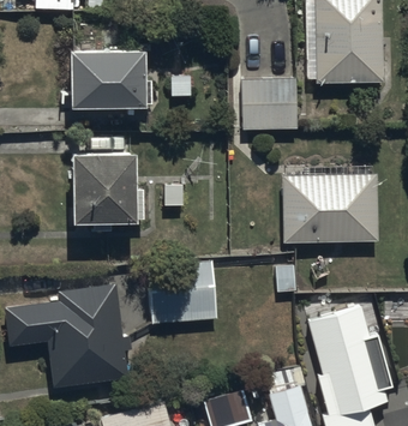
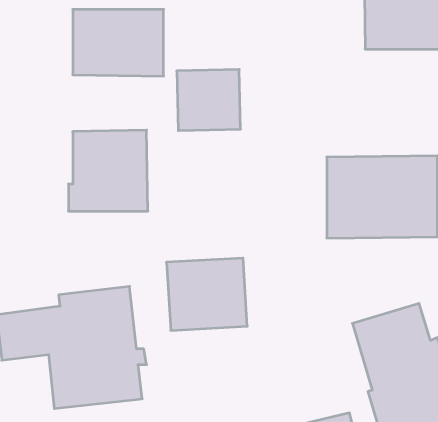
building: [244,79,298,131] -> [177,69,241,131]

